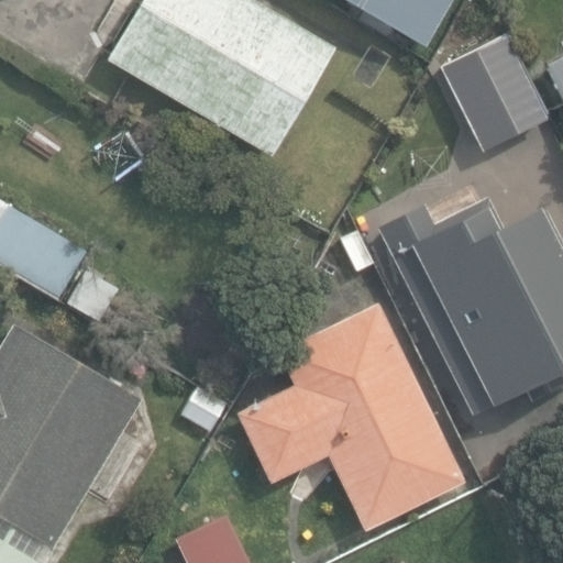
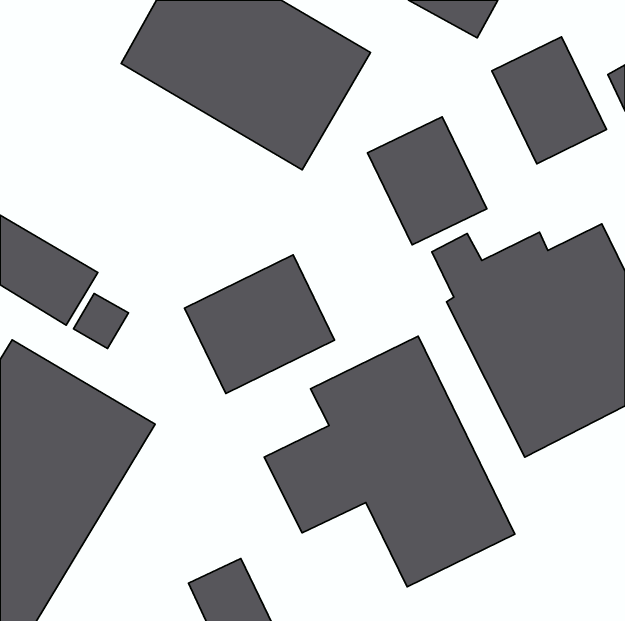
building: none -> [368,117,487,245]
building: none -> [184,255,335,393]

